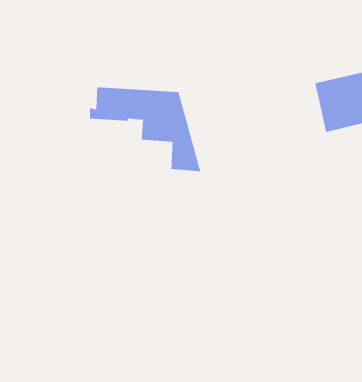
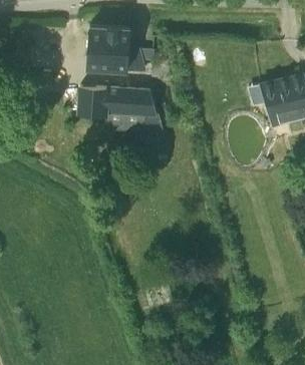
building: none -> [88,26,144,68]

